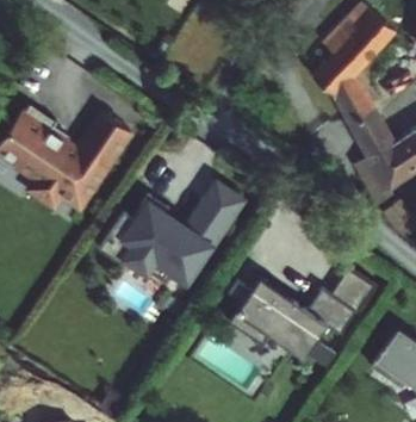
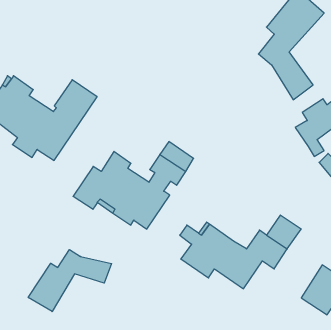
building: none -> [28,250,112,312]

